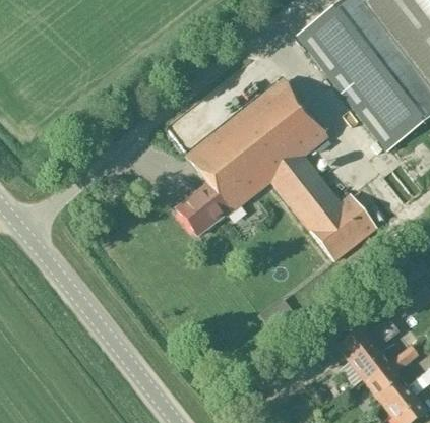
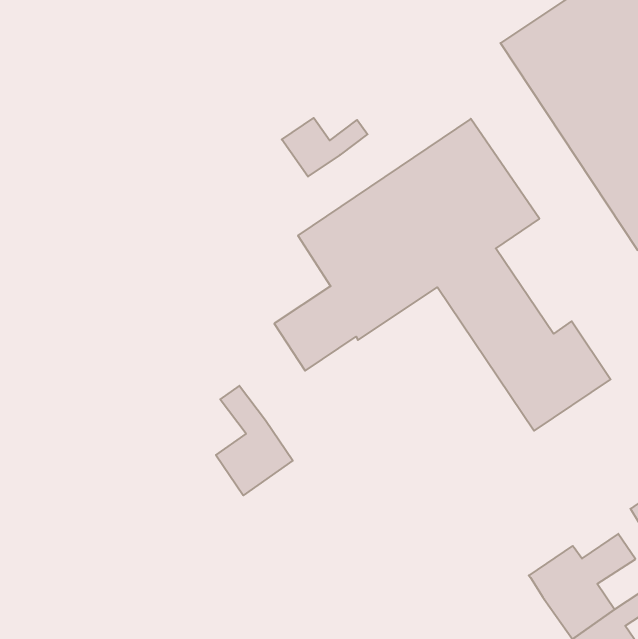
building: none -> [282,118,368,177]
building: none -> [216,386,293,495]

